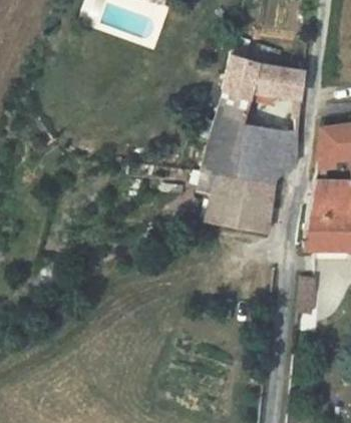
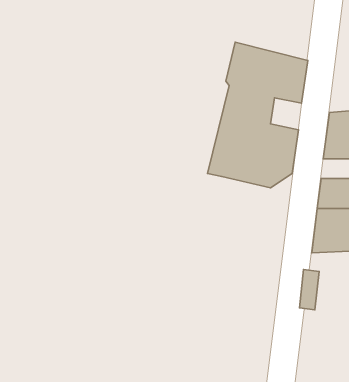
building: [210,179,267,235] -> none

